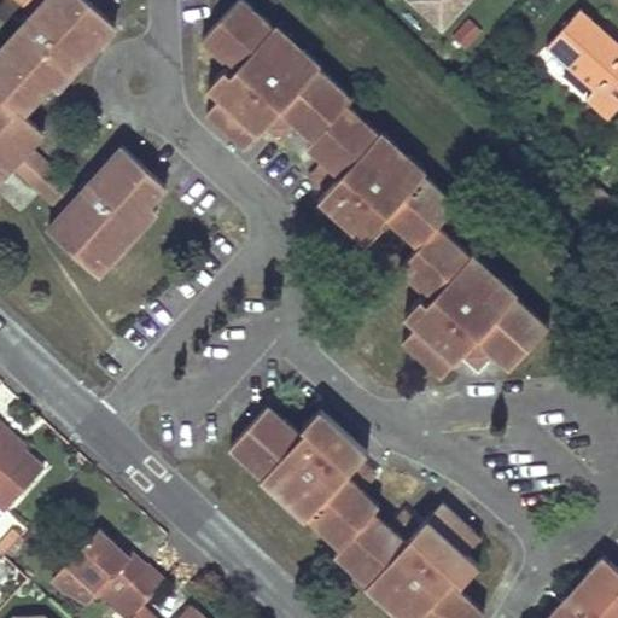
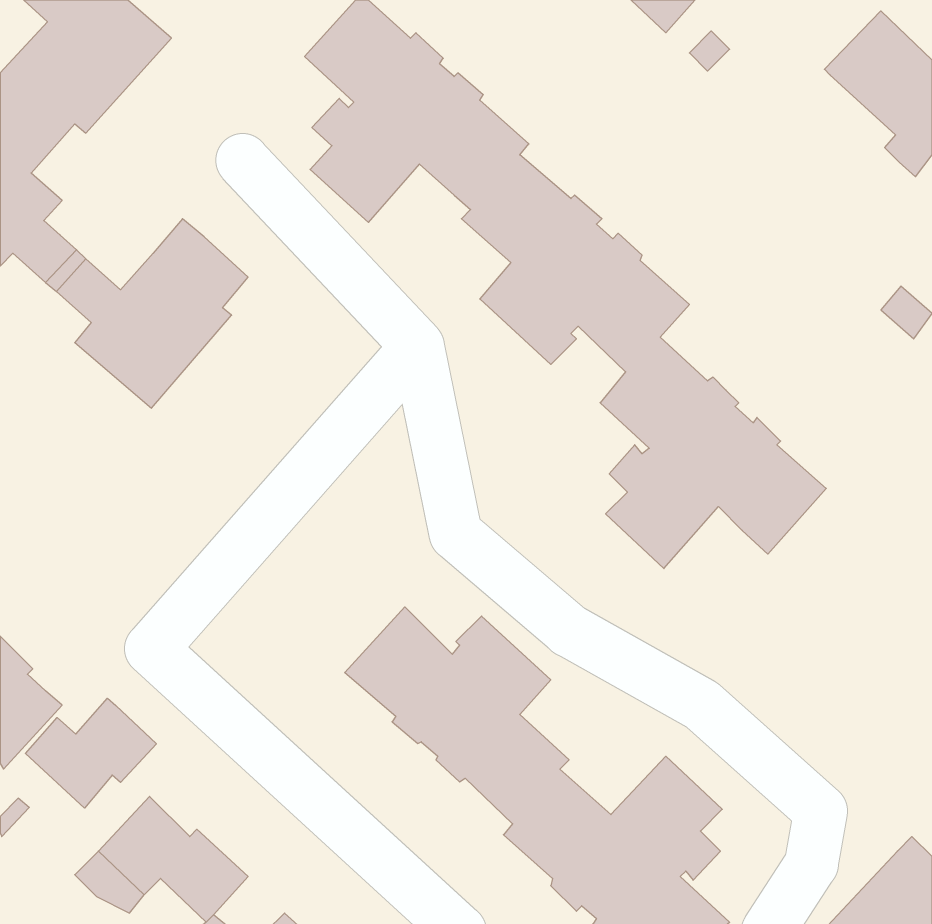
building: none -> [25,698,156,808]

